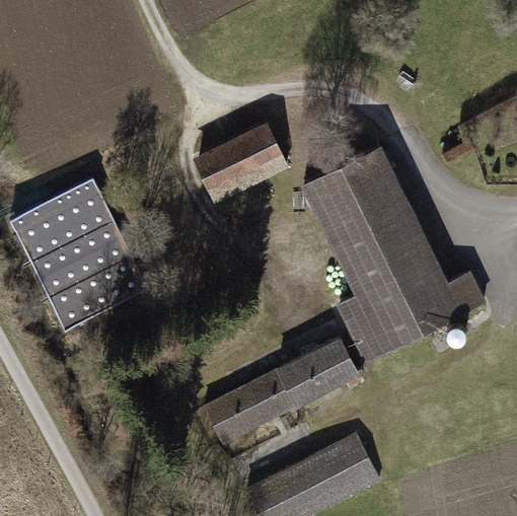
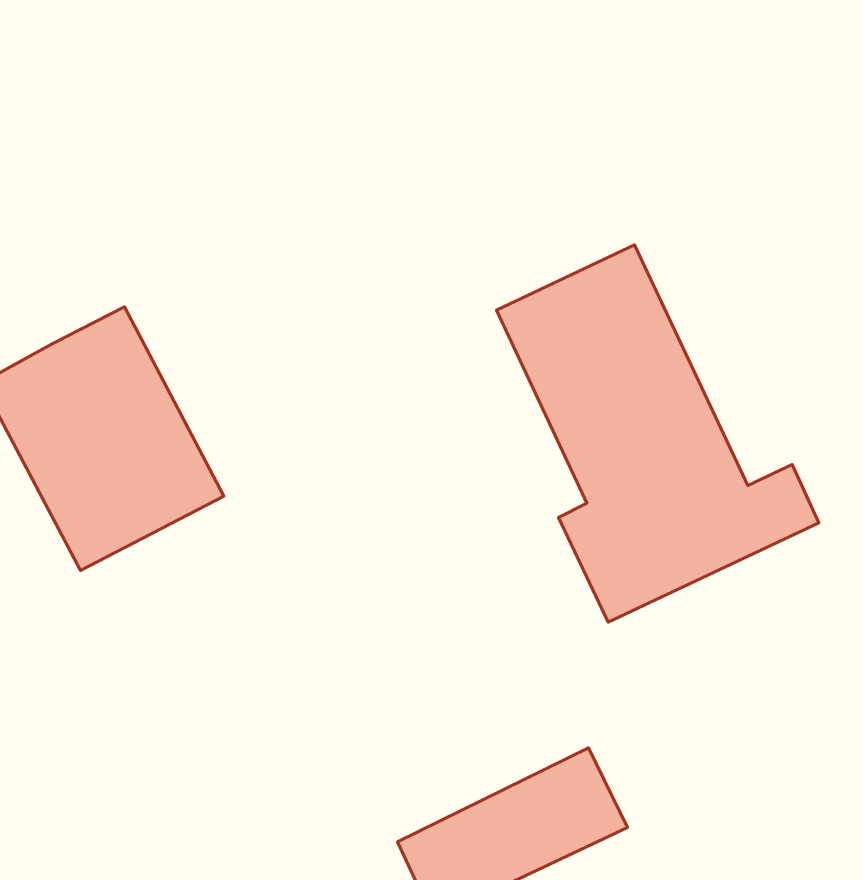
building: [194,123,287,201] -> none
building: [204,337,359,444] -> none

